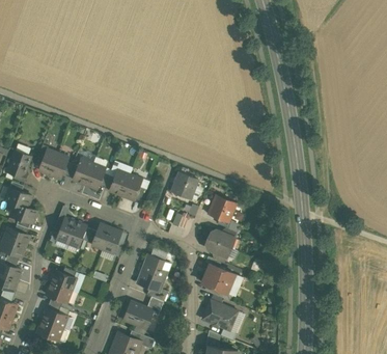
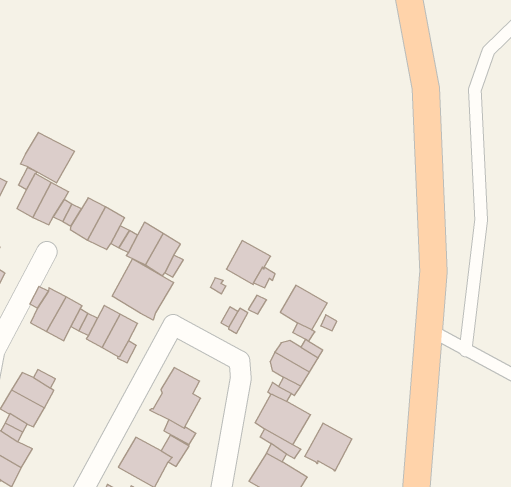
building: none -> [20,132,74,183]
building: none -> [112,259,174,320]
building: none -> [305,423,352,471]

